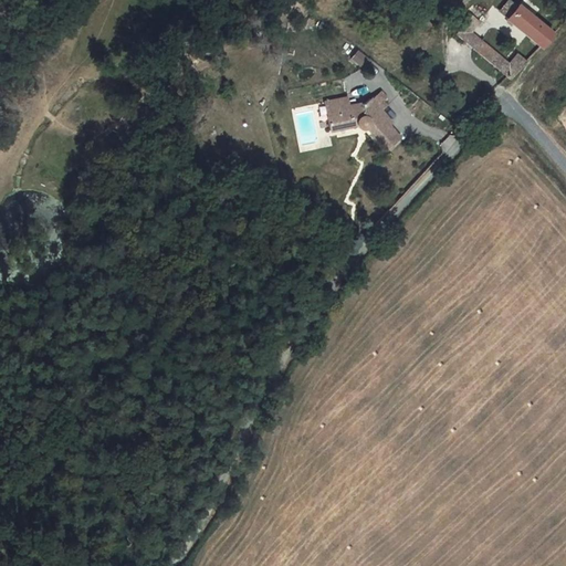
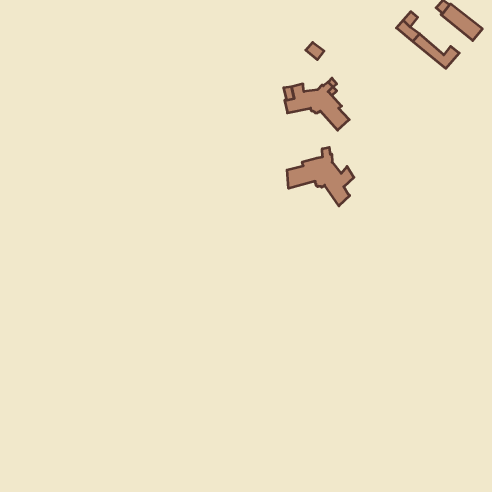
building: none -> [287,147,354,206]

